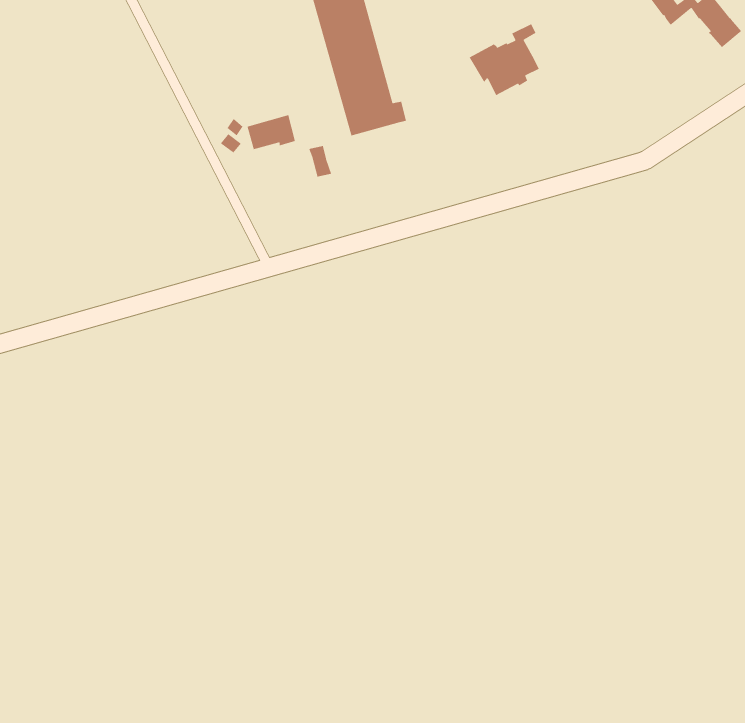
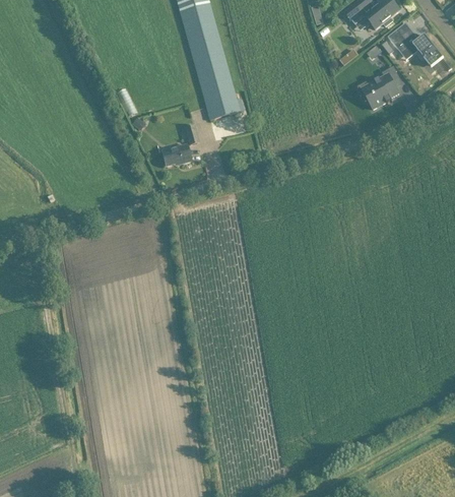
building: [468,23,540,96] -> [356,66,399,110]
building: [246,114,296,150] -> [161,144,191,166]

